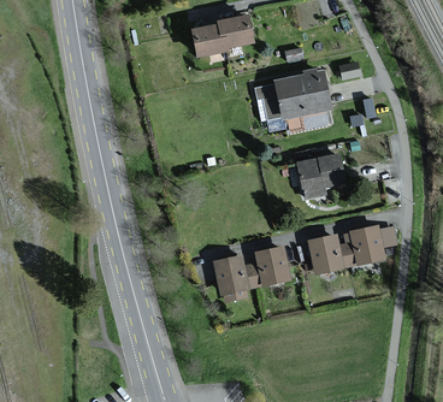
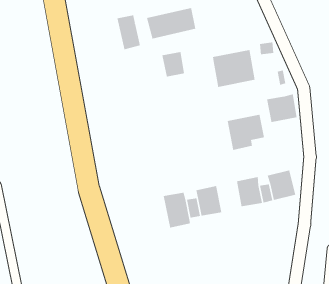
building: none -> [117,14,140,50]
building: [253,84,283,118] -> [162,51,185,77]
building: none -> [266,94,297,123]

